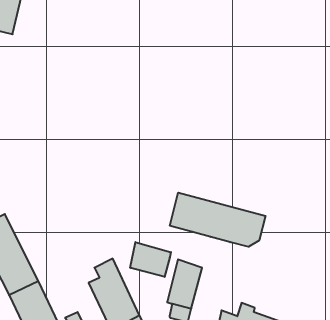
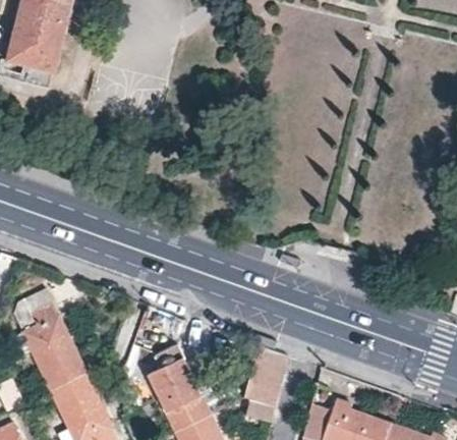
building: [170,193,266,247] -> none
building: [130,242,171,277] -> none

